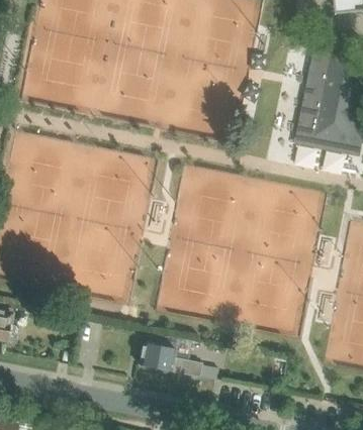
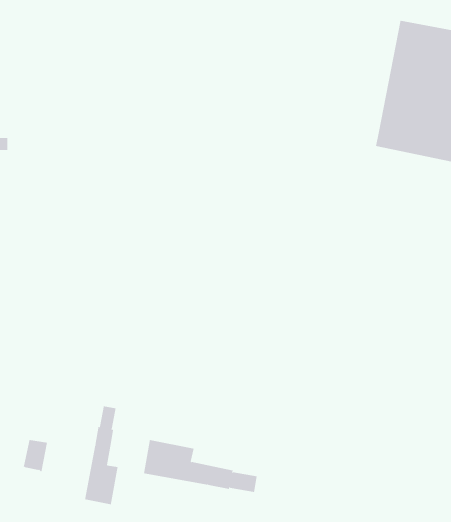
building: none -> [85,406,118,505]

